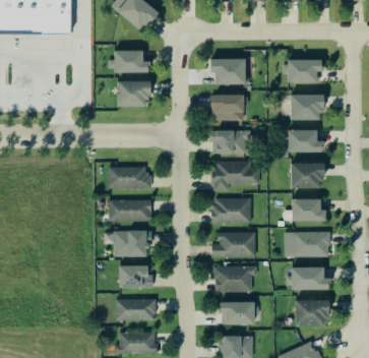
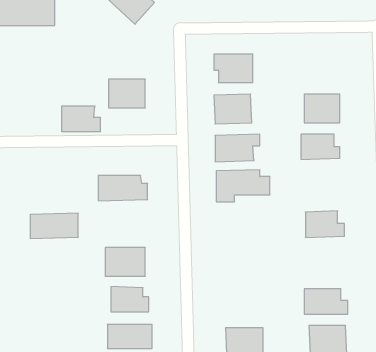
building: [114,51,148,73] -> [62,106,101,131]
building: [286,59,323,82] -> none
building: [291,163,323,188] -> none
building: [212,197,251,224] -> none
building: [109,199,151,222] -> [30,213,78,238]
building: [211,232,256,258] -> none
building: [285,232,329,257] -> none
building: [214,266,257,292] -> none

